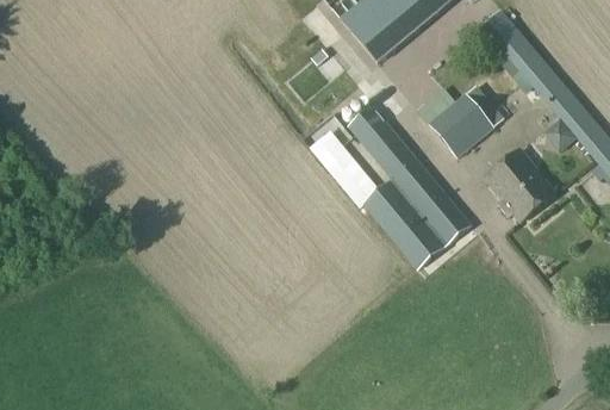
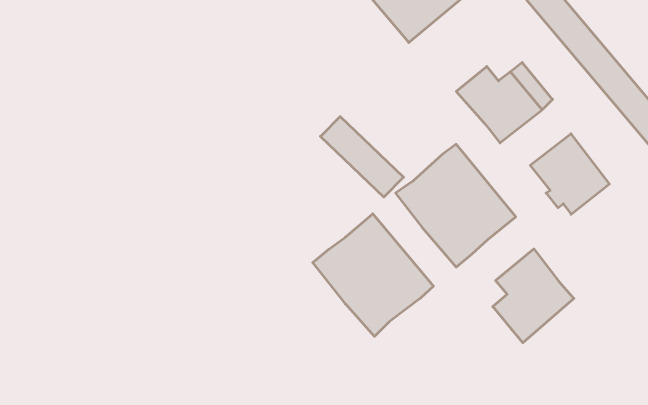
building: [348,104,416,176] -> none
building: none -> [313,214,433,336]
building: none -> [493,249,574,343]

